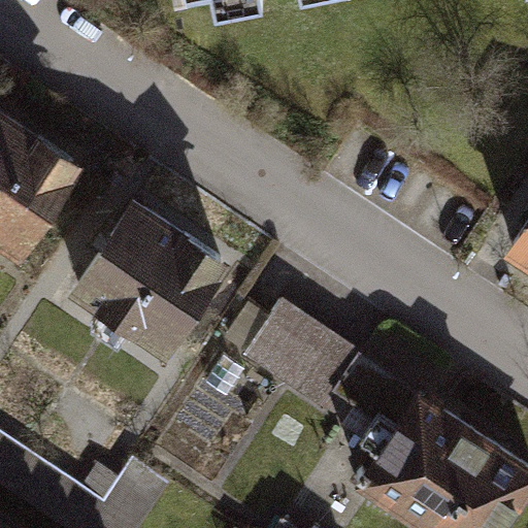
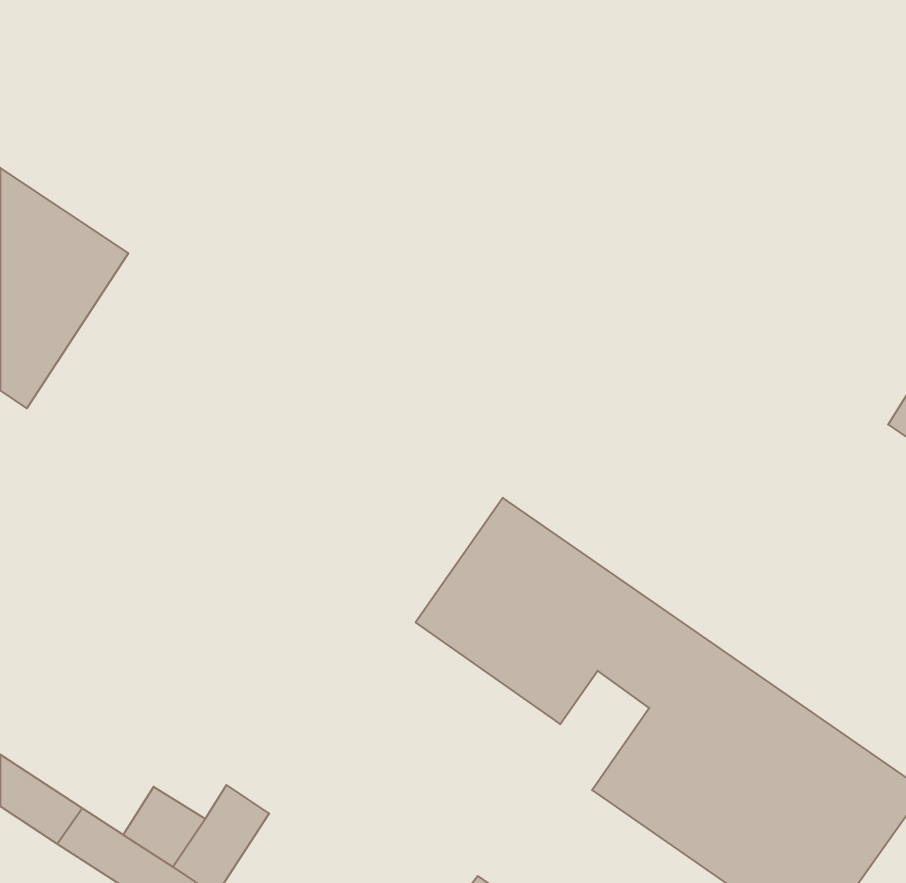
building: [71,197,216,342] -> none

